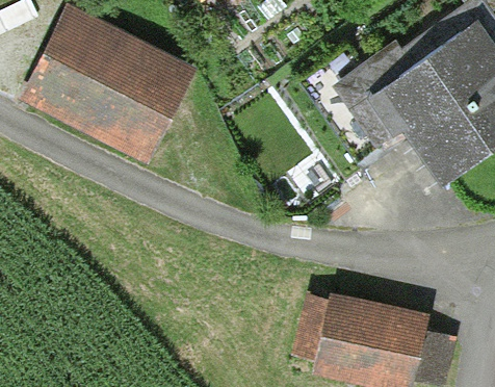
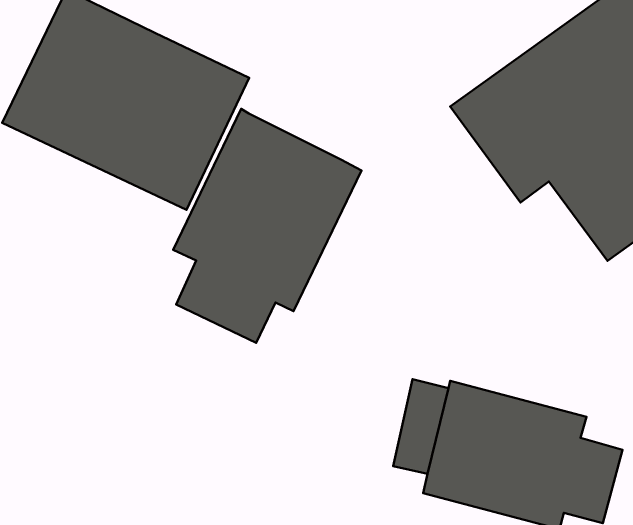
building: none -> [173,109,362,343]

